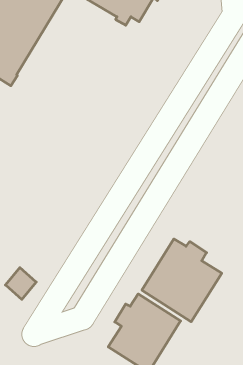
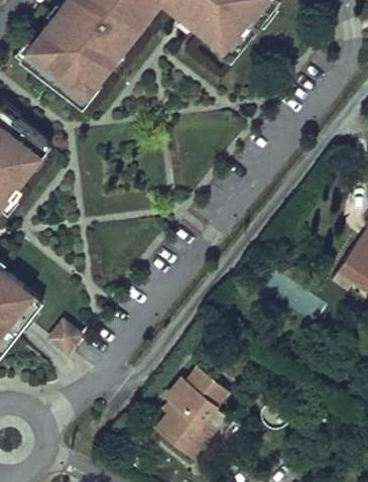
building: [142,239,222,322] -> none

